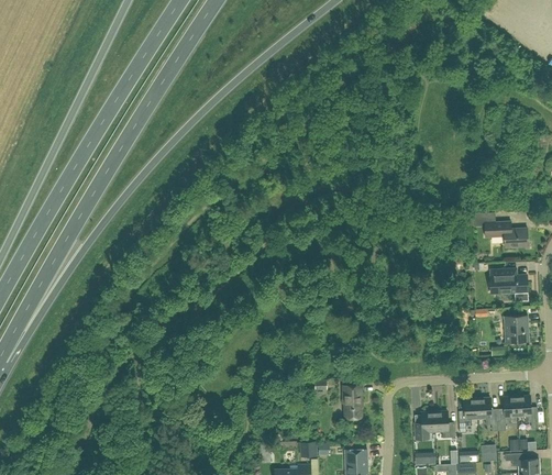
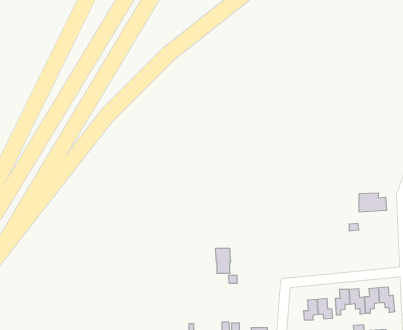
building: [473,213,528,247] -> none
building: [504,316,528,344] -> none
building: [341,386,362,419] -> [215,249,231,273]

